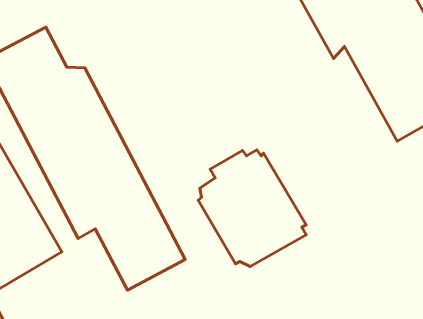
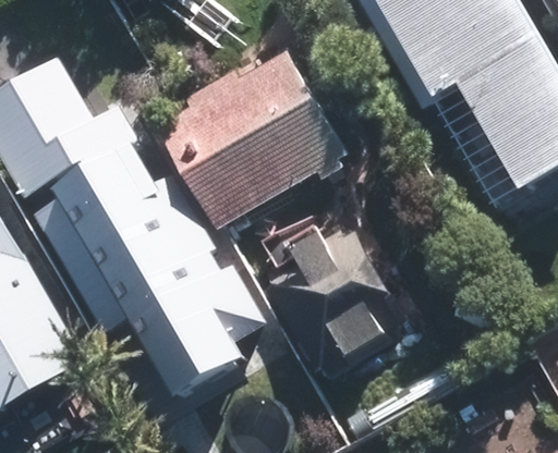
building: none -> [180,50,344,224]

